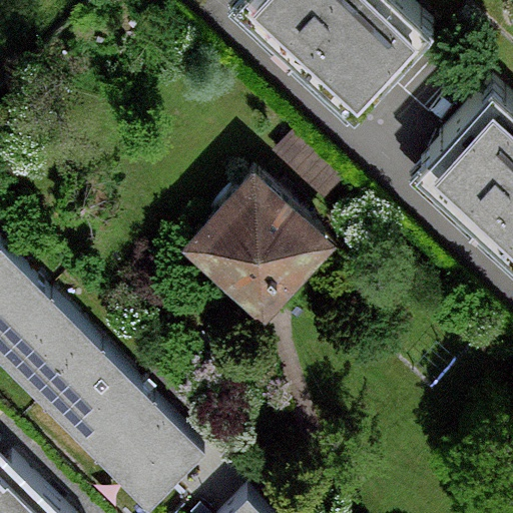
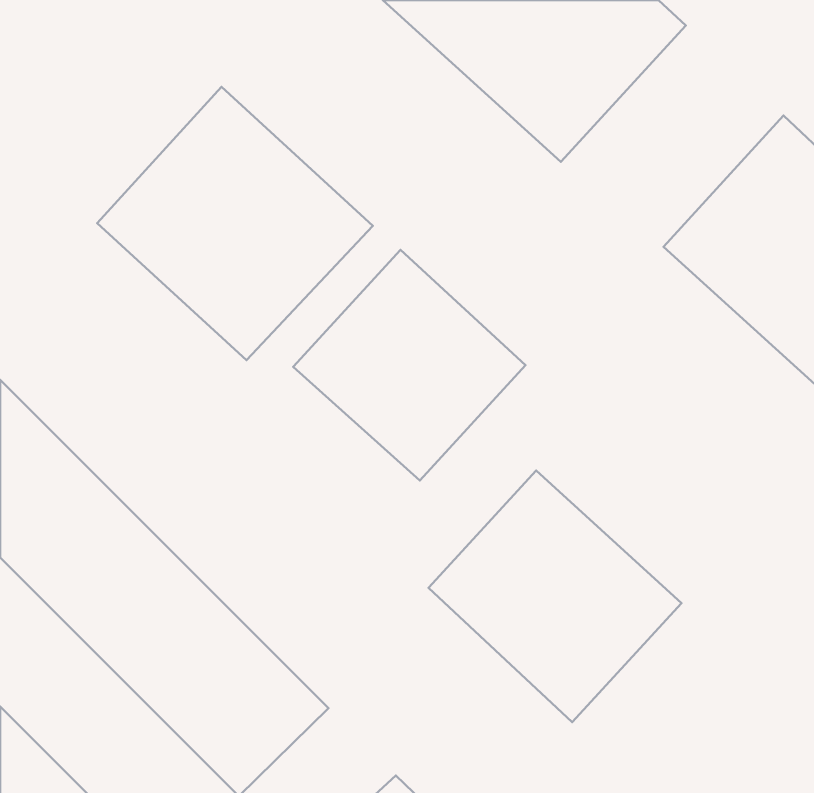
building: none -> [97,87,373,360]
building: none -> [428,470,682,722]

